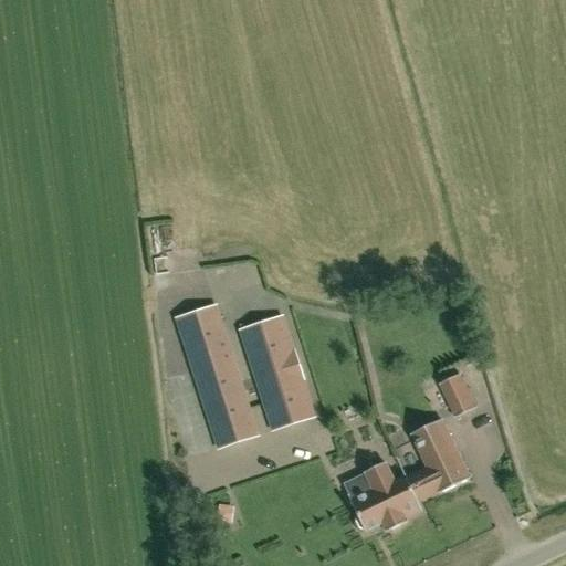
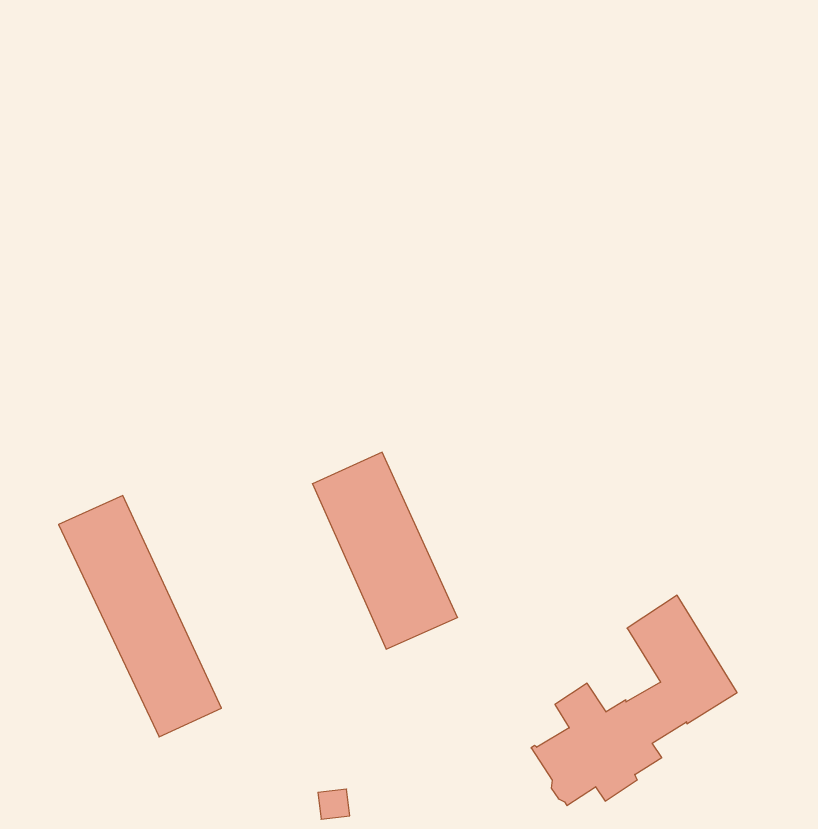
building: [176,305,256,446] -> [59,496,221,737]
building: [439,373,474,416] -> none

